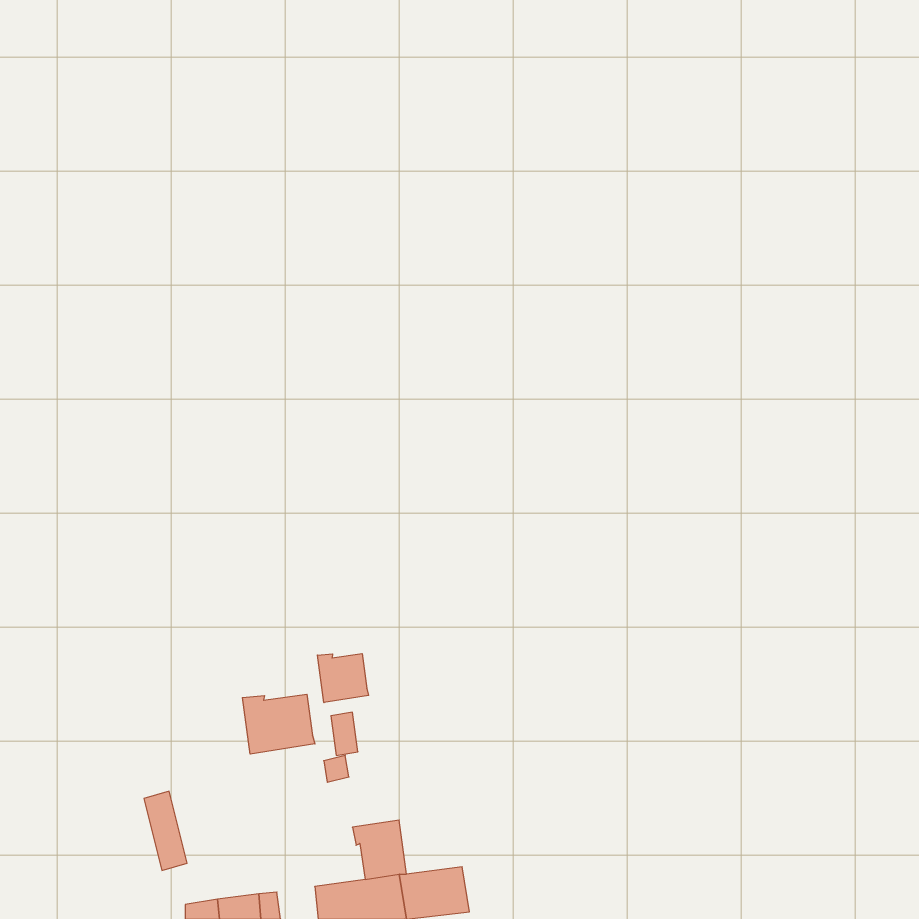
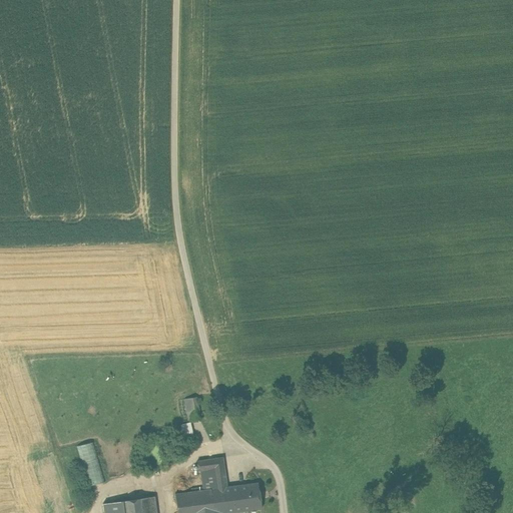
building: [317,654,369,703] -> none
building: [242,694,315,754] -> none

